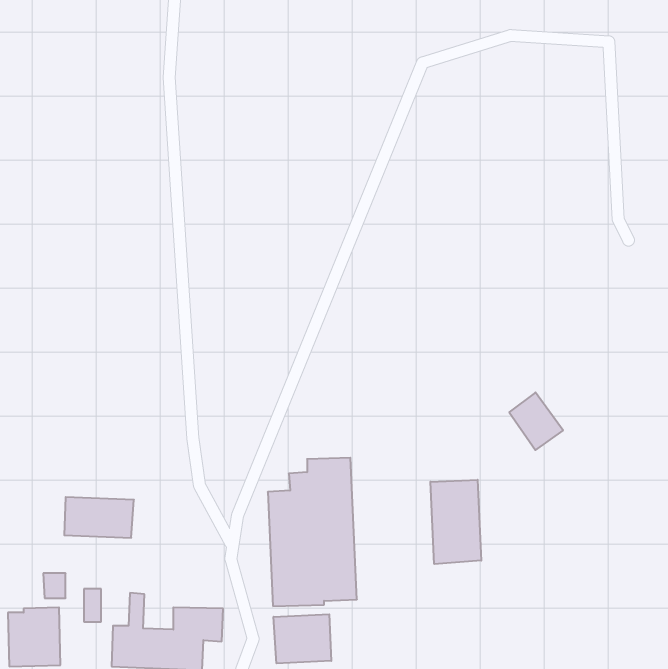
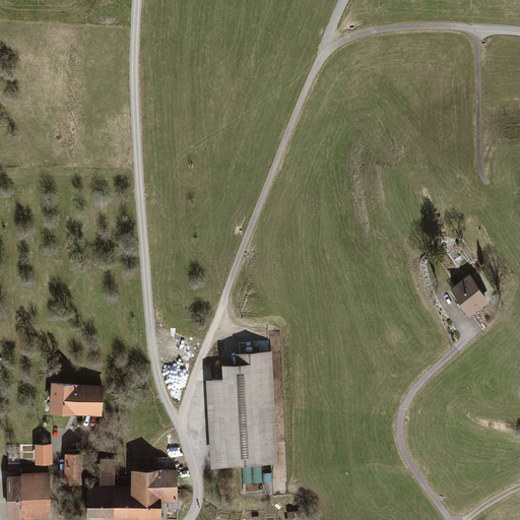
building: [509,392,563,450] -> [450,276,492,321]
building: [430,480,481,564] -> none
building: [274,614,331,663] -> none

